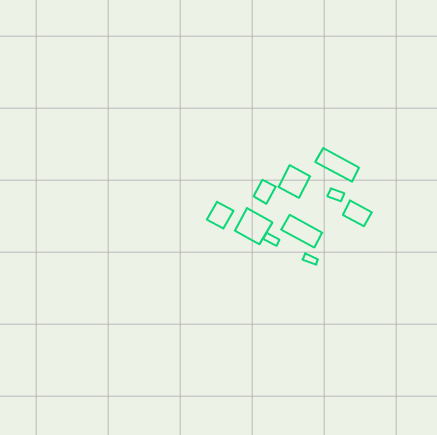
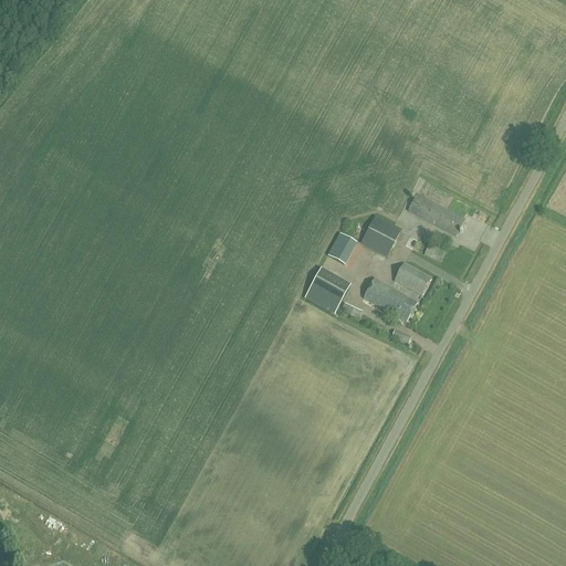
building: [343,200,372,226] -> [392,260,430,293]
building: [207,202,233,229] -> none

